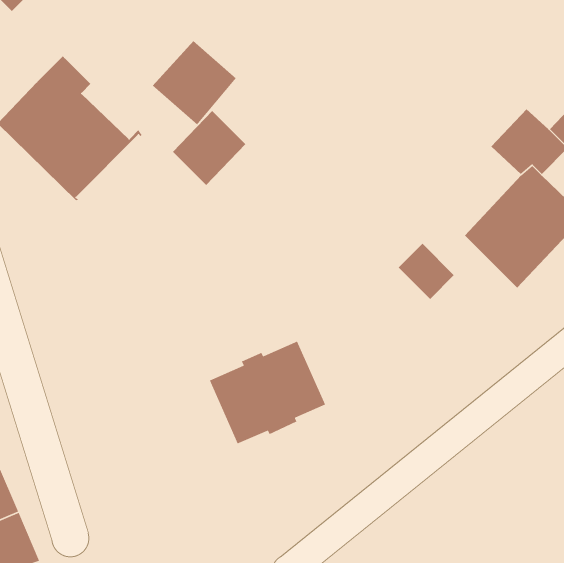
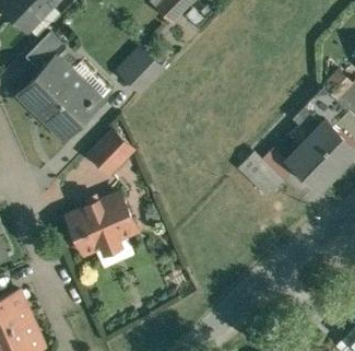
building: none -> [26,32,68,71]
building: [172,110,246,186] -> [91,130,133,174]
building: [209,341,326,445] -> [69,194,137,254]

